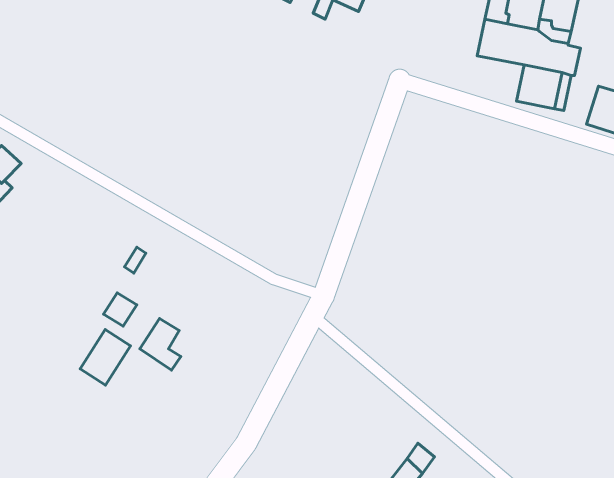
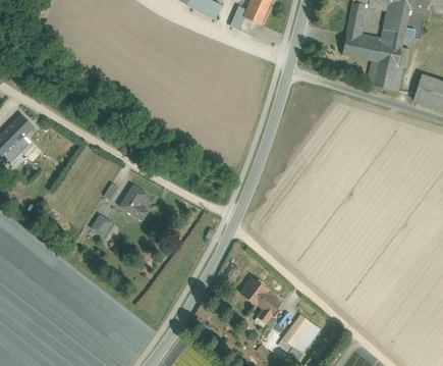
building: [140,318,181,370] -> [120,186,148,220]
building: [80,330,130,385] -> none
building: none -> [240,277,281,323]

